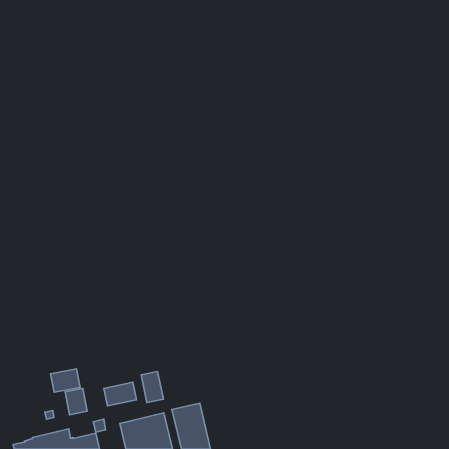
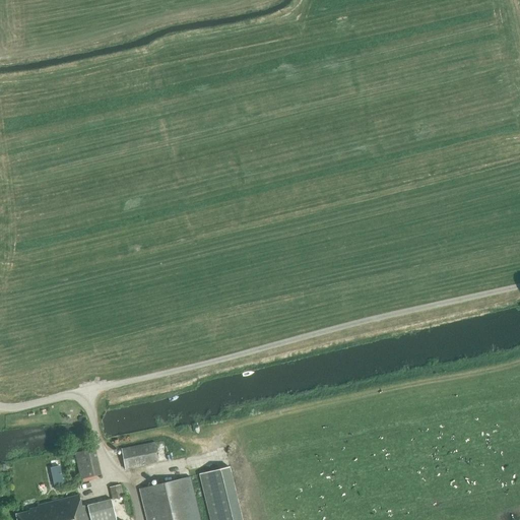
building: [50,369,80,392] -> none
building: [141,372,163,403] -> none

